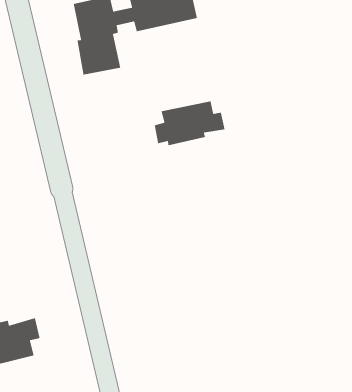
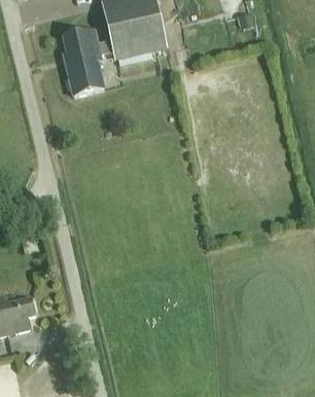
building: [154,100,226,146] -> none

